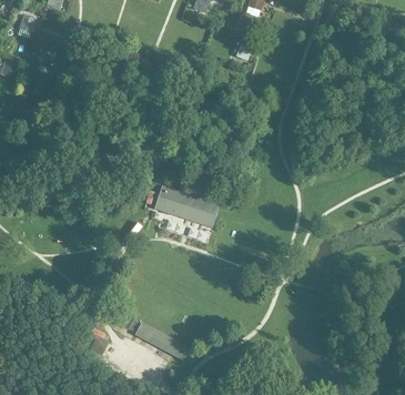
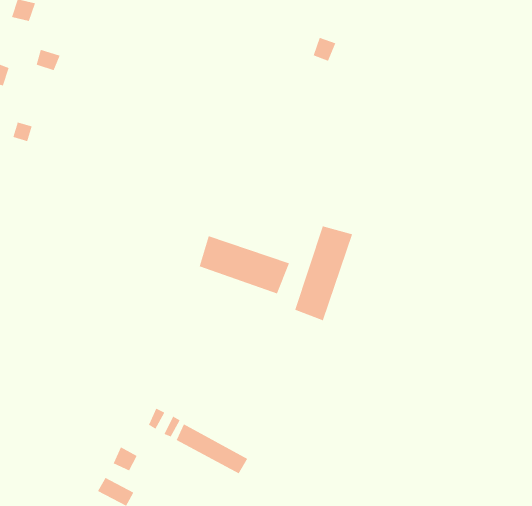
building: none -> [295,225,353,321]

